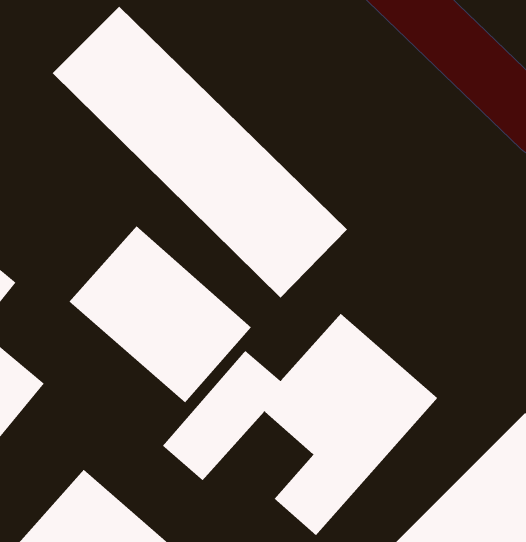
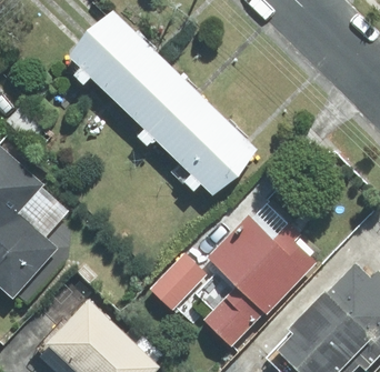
building: [69,226,252,404] -> none

